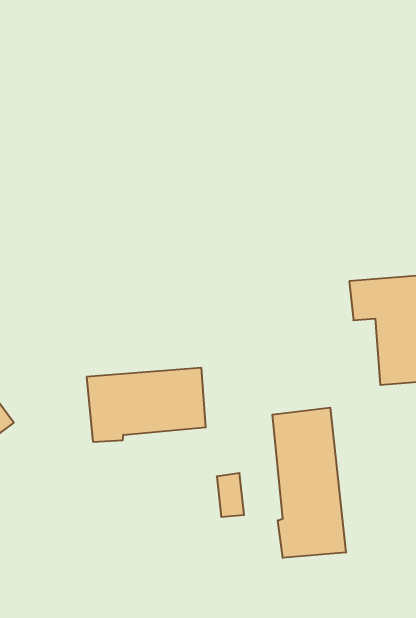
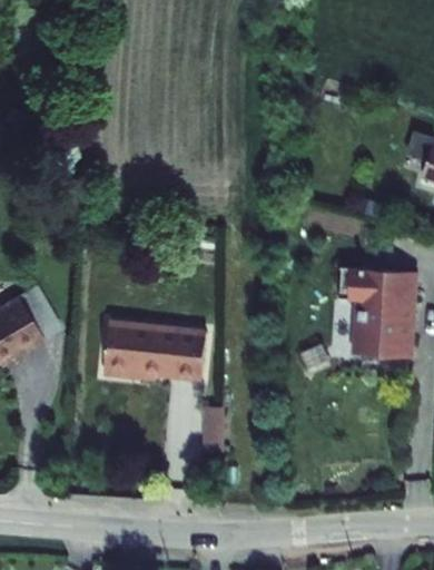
building: [272,408,346,558] -> none

